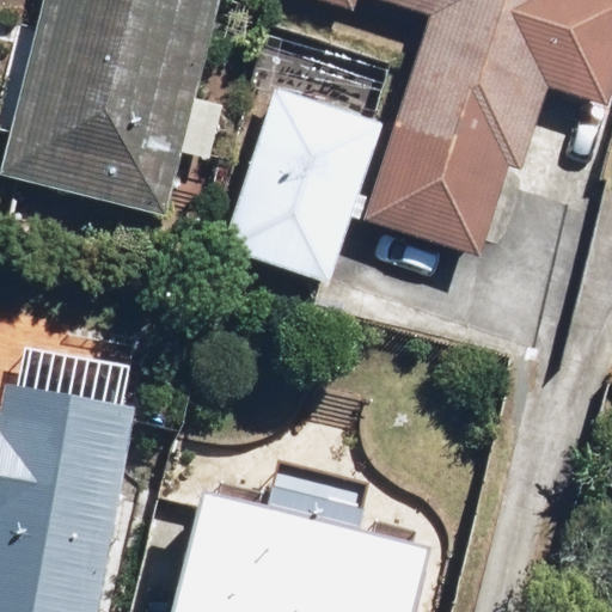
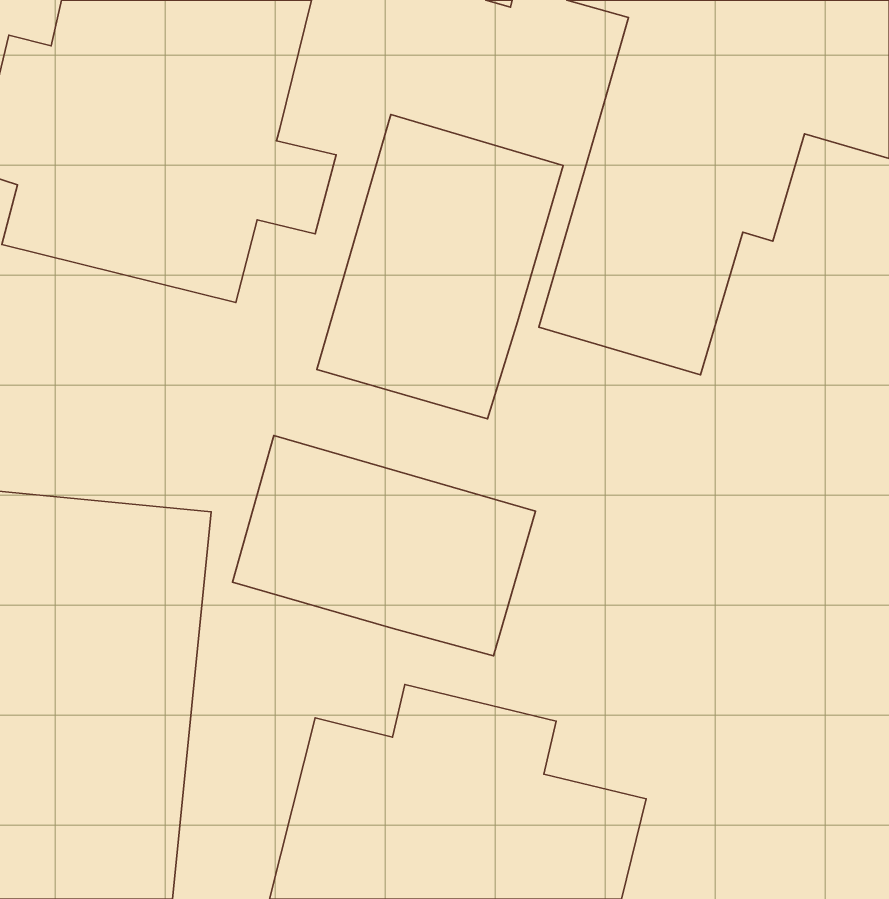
building: none -> [233,435,536,656]

